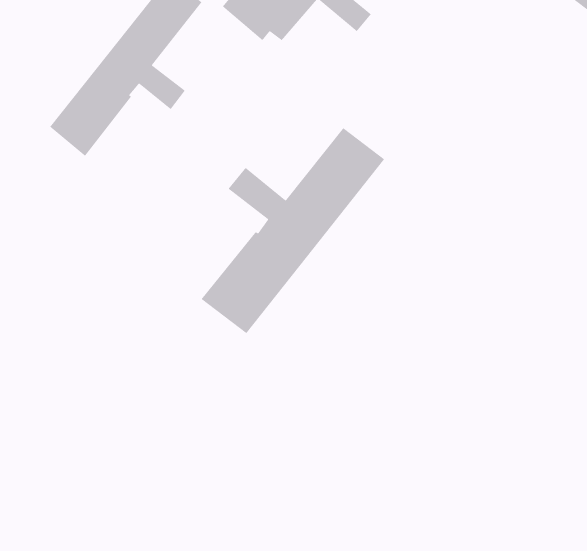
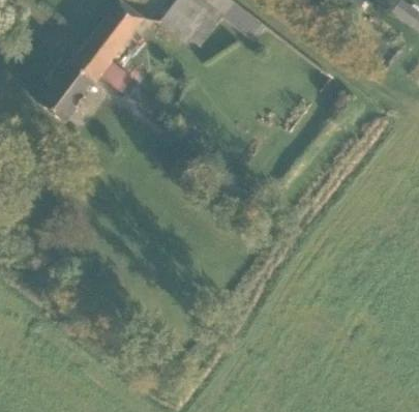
building: [200,127,385,334] -> none

